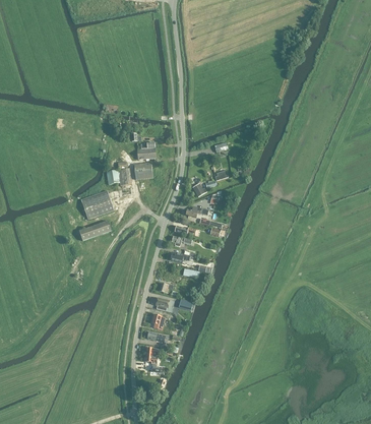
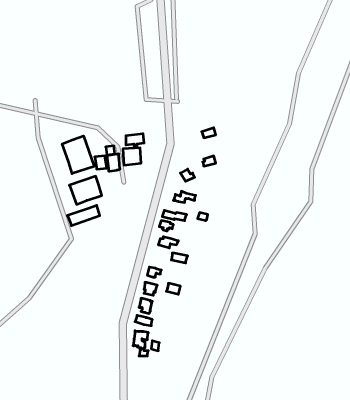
building: none -> [62,136,94,174]

